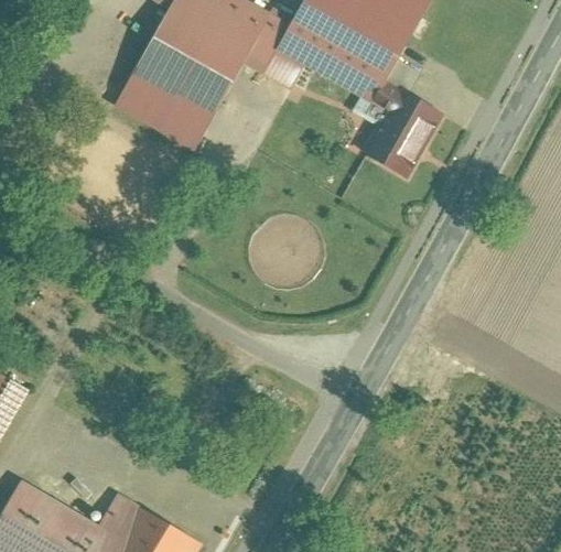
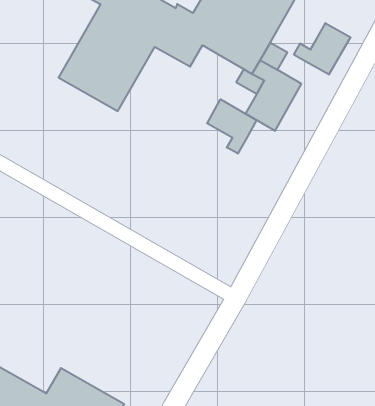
building: none -> [294,23,351,75]
building: none -> [207,99,257,154]

